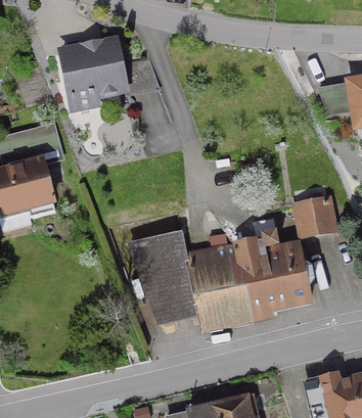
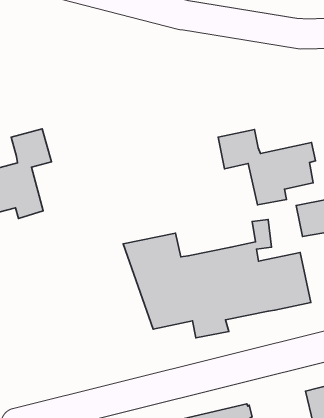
building: [62,39,125,107] -> none
building: none -> [218,130,315,205]

